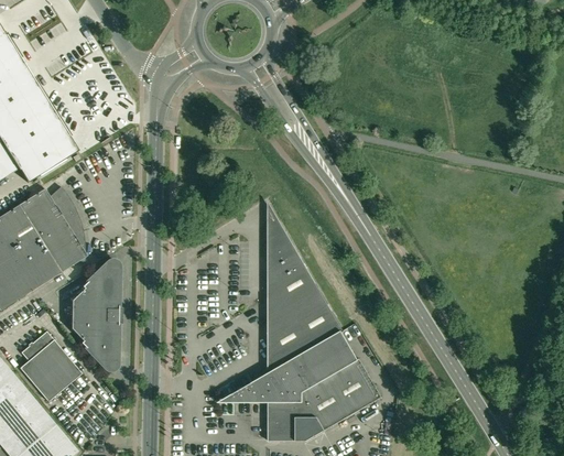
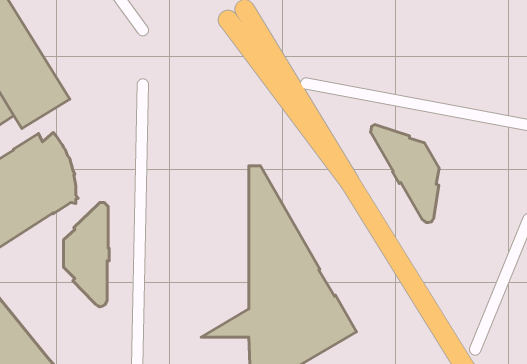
building: none -> [371,125,439,222]
building: [20,330,82,401] -> none

